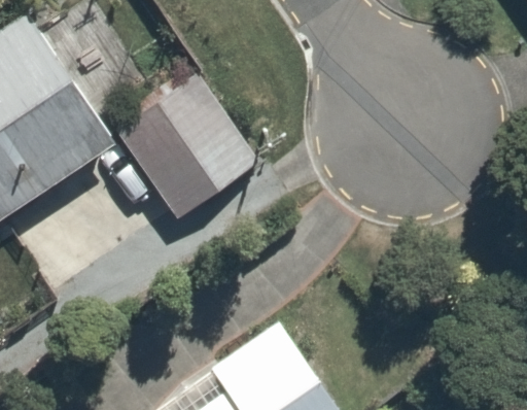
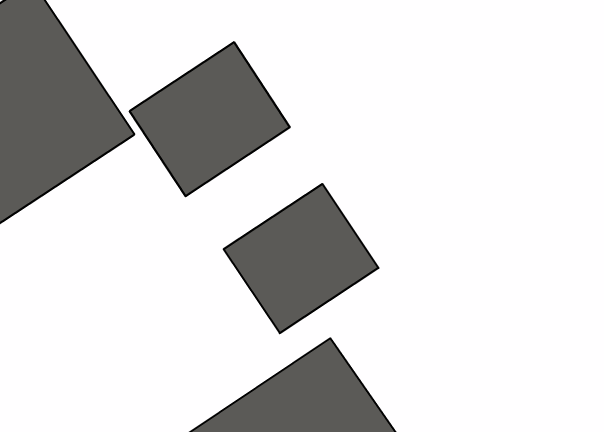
building: none -> [224,184,379,333]

